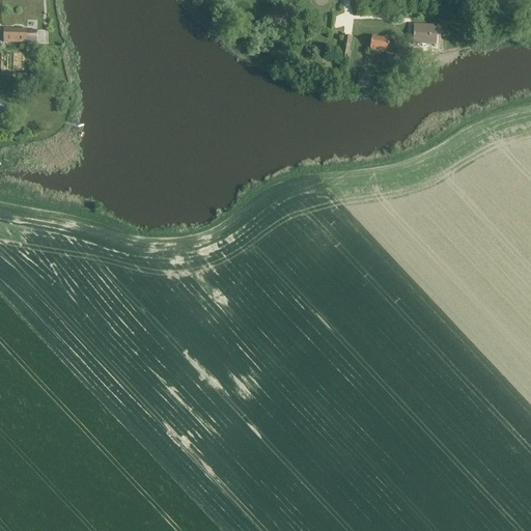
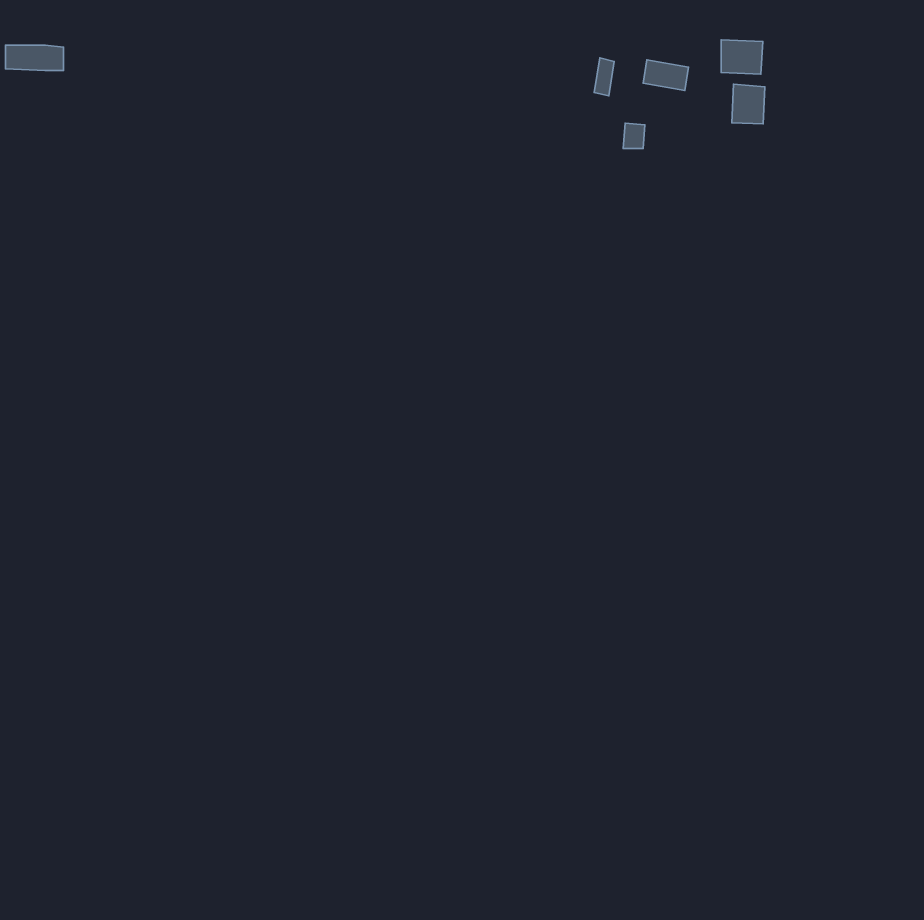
building: none -> [732,84,765,124]

